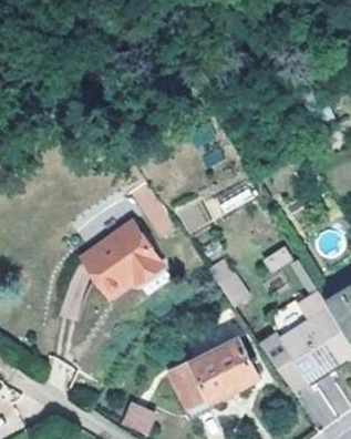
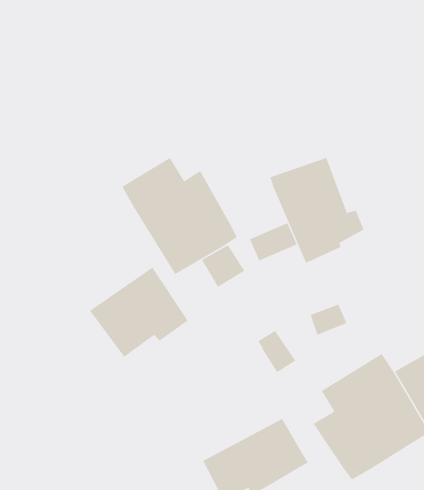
building: none -> [270,157,364,264]
building: none -> [122,157,238,275]

